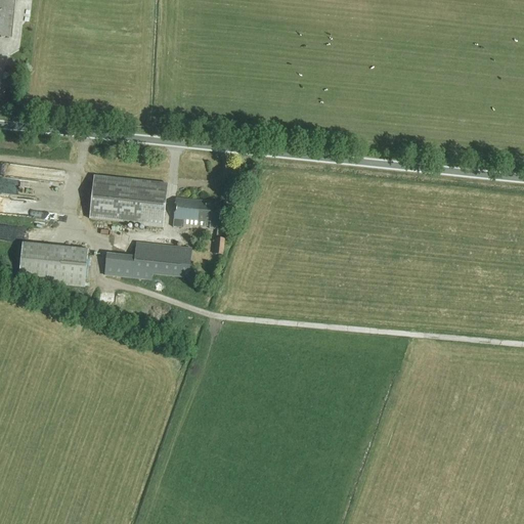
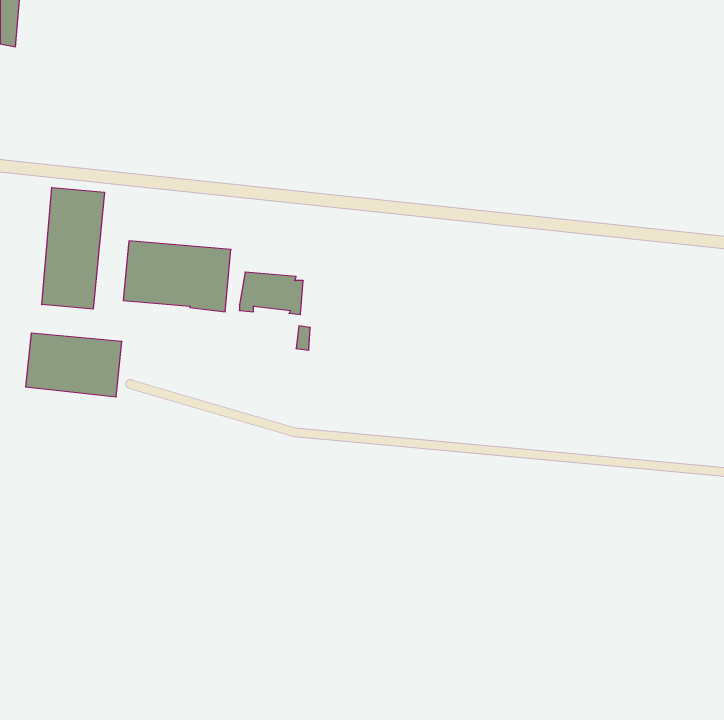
building: none -> [42,187,104,309]
building: [104,241,191,278] -> none

